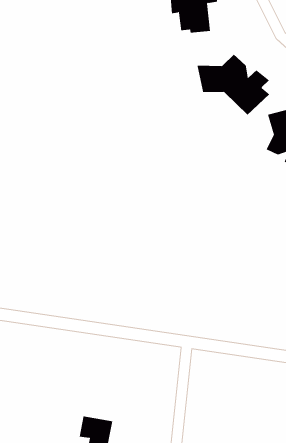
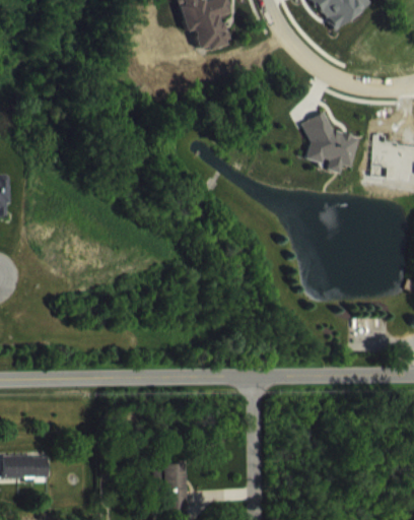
building: [197,54,270,116] -> none

